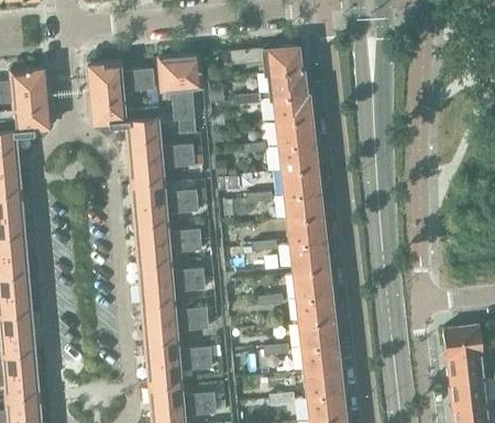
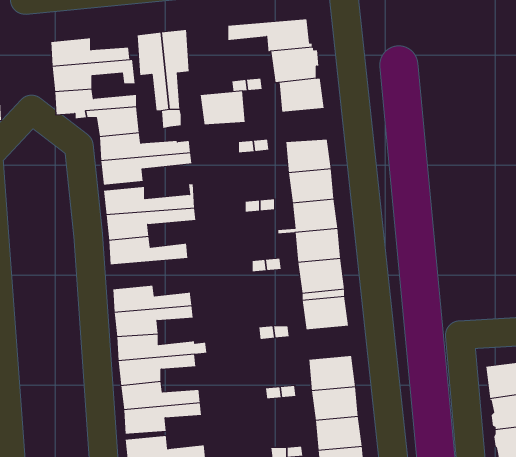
building: [276,119,314,146] -> [200,91,246,125]
building: [136,241,201,266] -> none
building: [296,296,333,323] -> none

